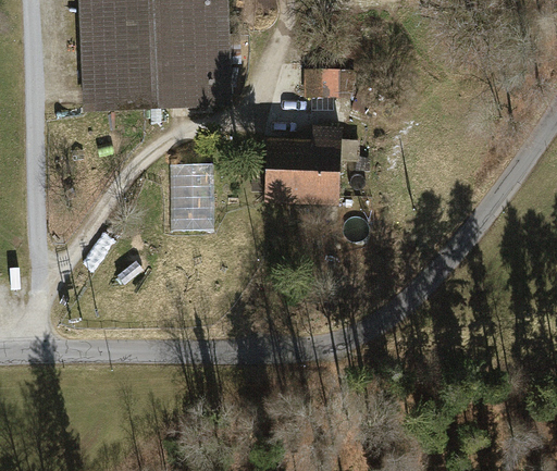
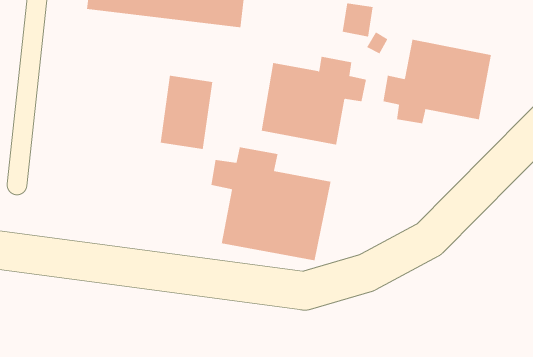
building: none -> [383,39,491,124]
building: none -> [211,146,331,261]

